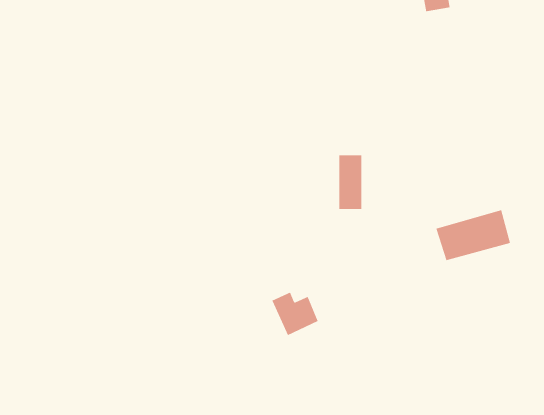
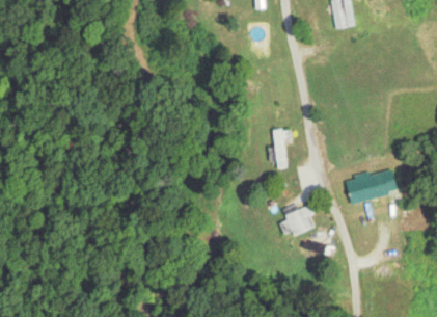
building: [271,292,319,336] -> [282,205,316,236]

